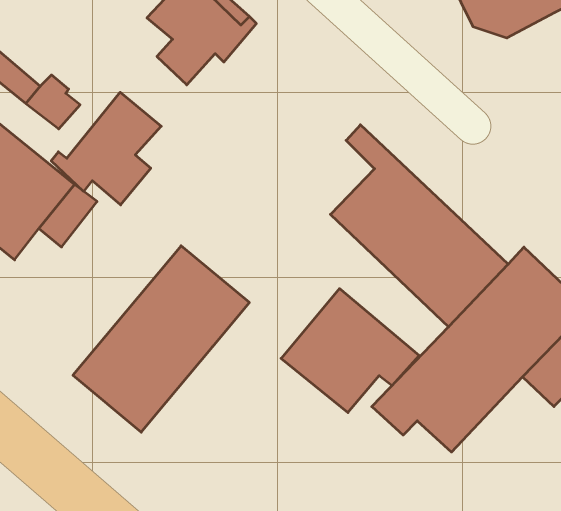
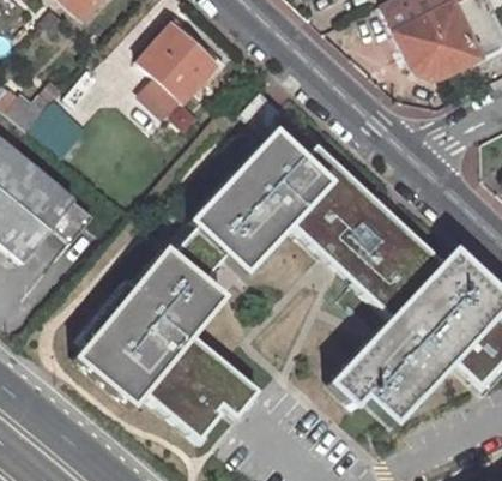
building: [51,92,161,205] -> none
building: none -> [188,132,328,273]
building: [281,289,419,413] -> [143,335,259,439]

